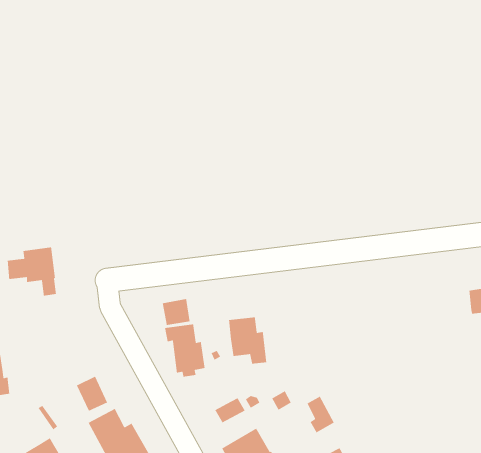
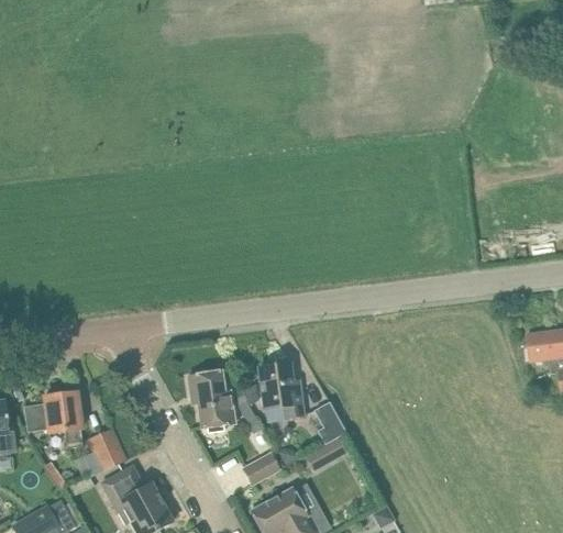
building: [7,247,57,297] -> [26,391,82,447]
building: [162,298,191,326] -> none
building: [306,395,335,434] -> [314,400,346,443]

